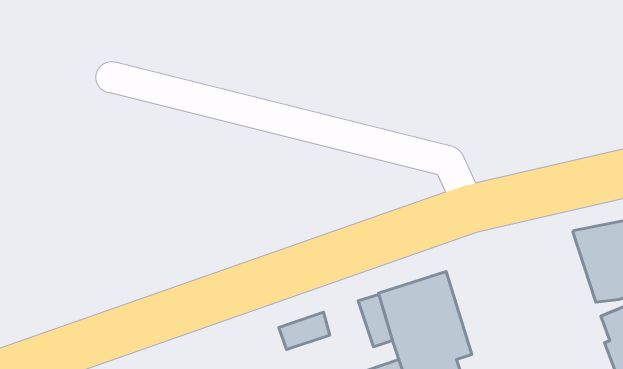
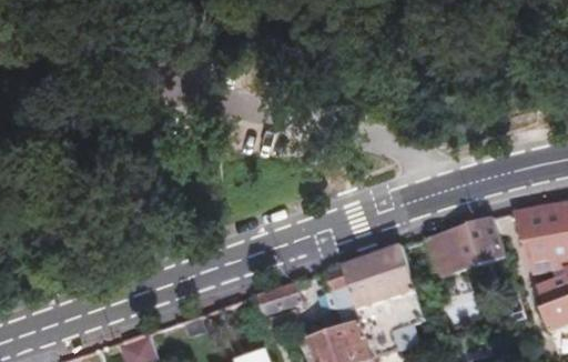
building: none -> [430,215,505,278]

